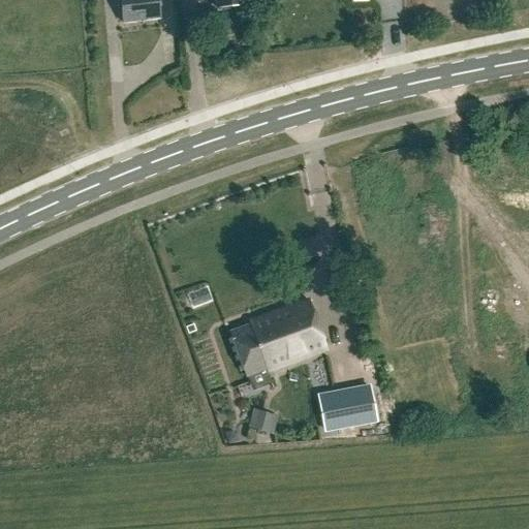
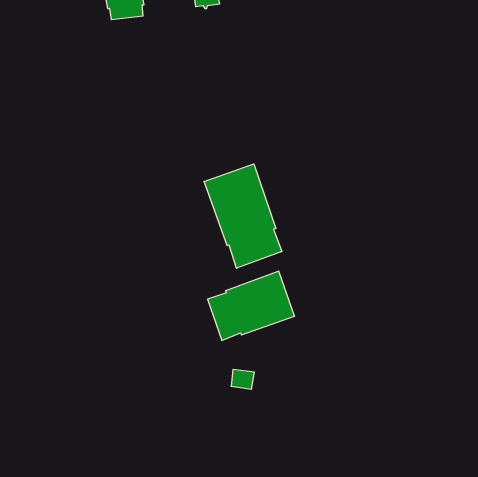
building: none -> [204,164,282,268]
building: [318,385,375,432] -> none

